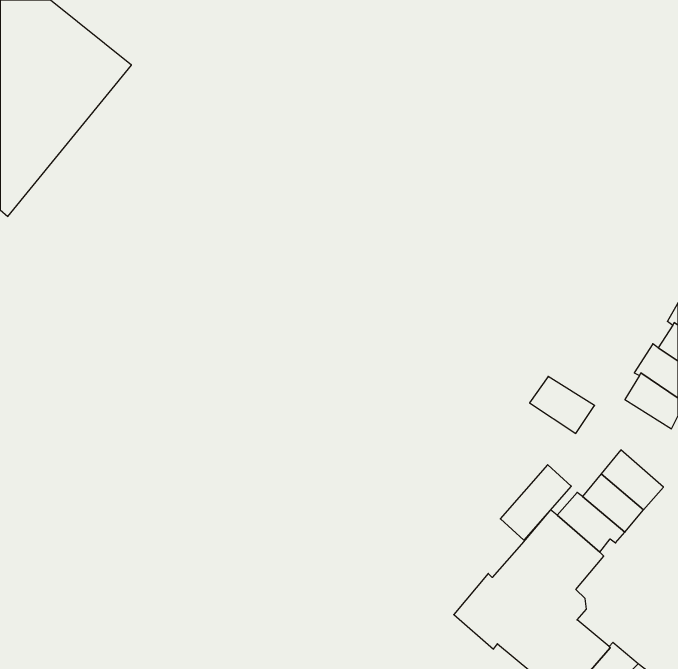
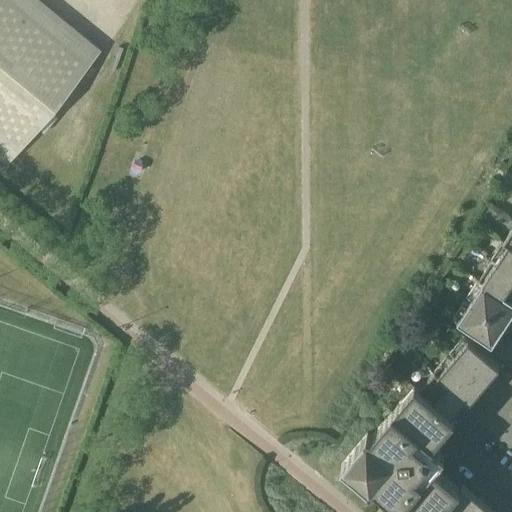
building: [530,376,595,433] -> [457,308,506,351]
building: [500,465,571,540] -> none

